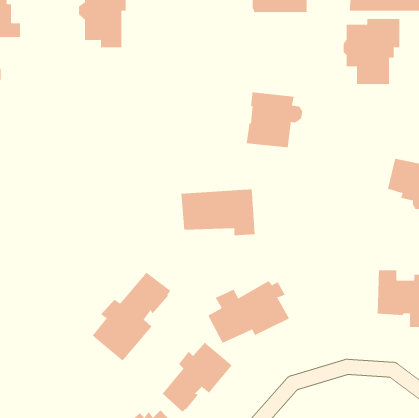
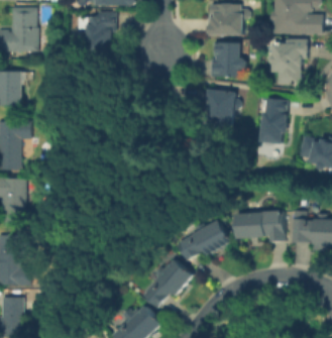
building: none -> [208,41,243,77]
building: none -> [256,97,287,144]
building: [180,189,255,236] -> [232,210,284,242]
building: [92,272,171,362] -> none

